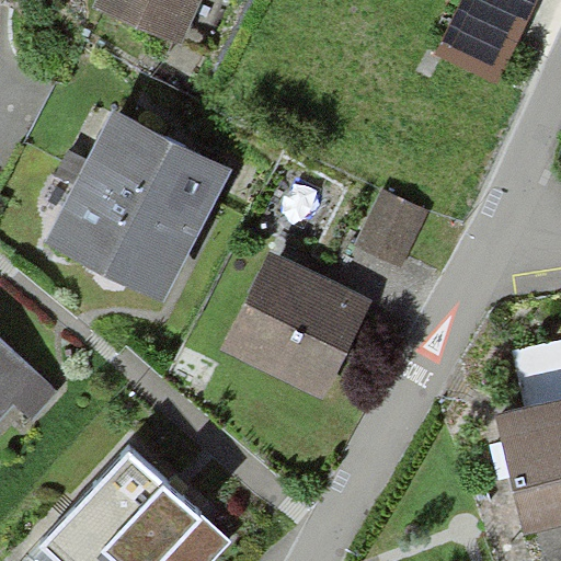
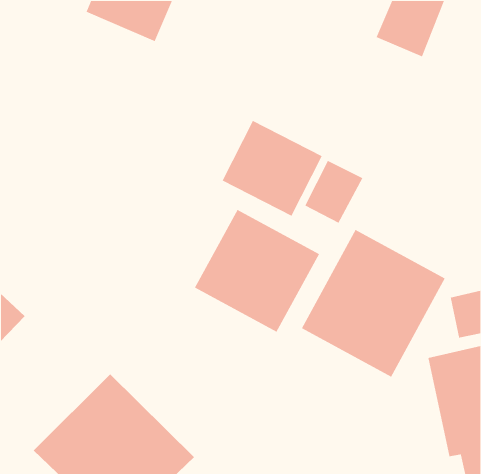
building: [58,113,224,294] -> none
building: none -> [221,120,323,217]
building: none -> [301,229,446,378]

